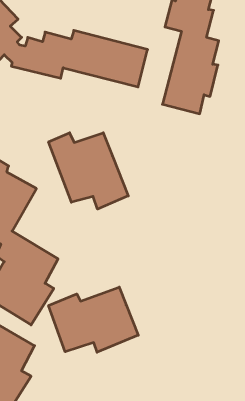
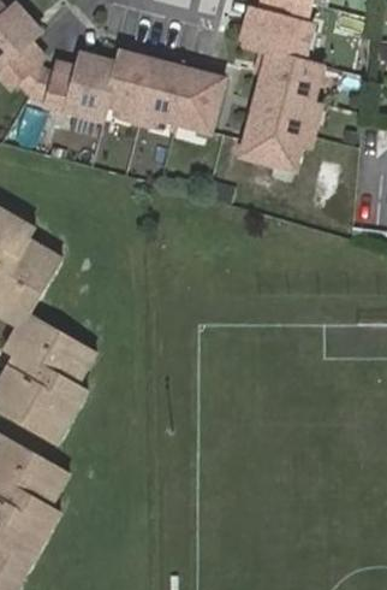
building: [49,133,128,209] -> none
building: [49,287,138,352] -> none

